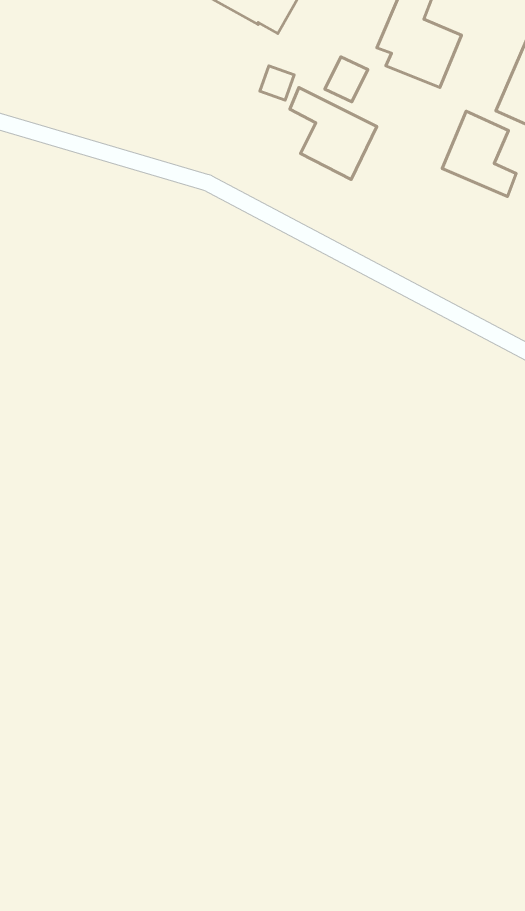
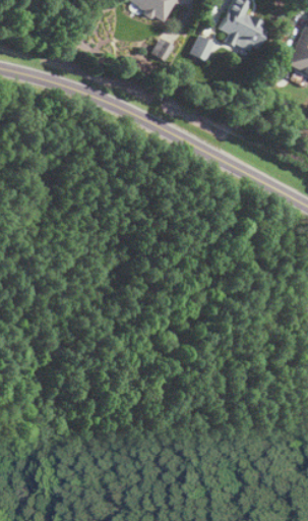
building: [290,88,377,180] -> none
building: [442,111,516,197] -> none

